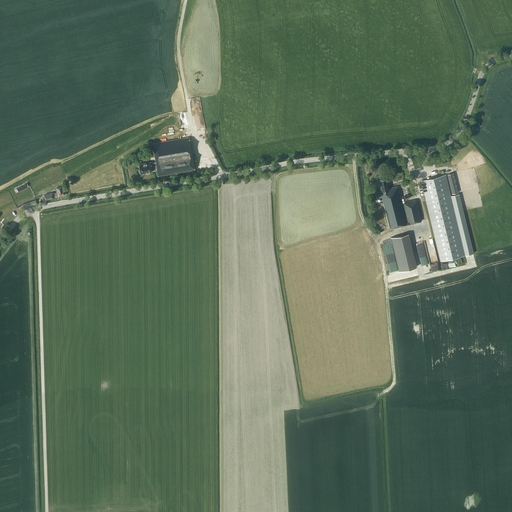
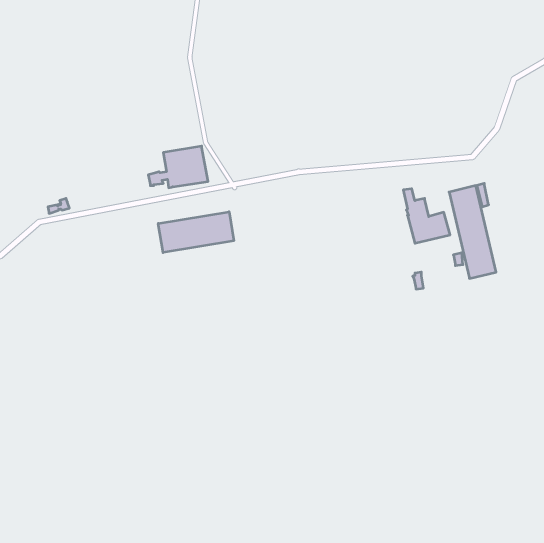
building: none -> [158,212,234,253]
building: [392,235,414,264] -> none

